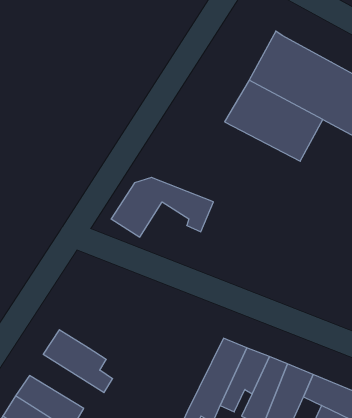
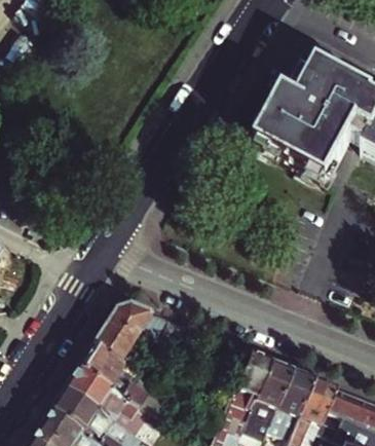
building: none -> [305,43,364,88]
building: [111,177,213,237] -> [90,306,189,364]
building: none -> [62,370,151,425]

